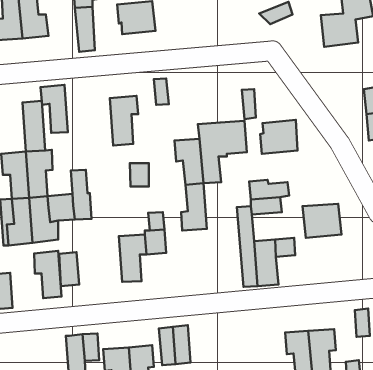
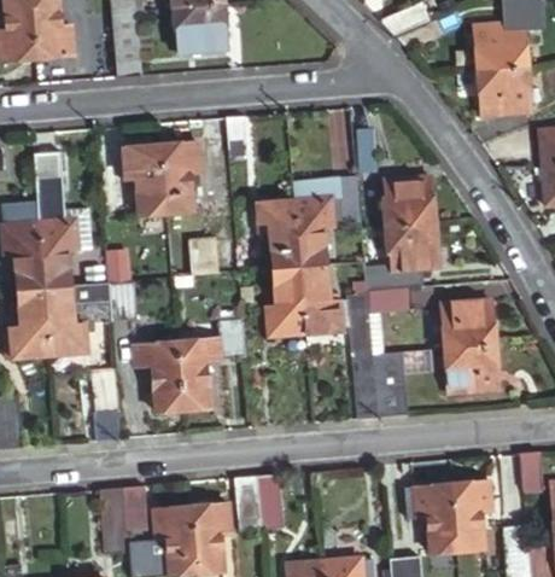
building: none -> [474,64,528,113]
building: [40,85,68,133] -> [128,145,168,215]
building: none -> [384,221,439,269]
building: none -> [299,267,343,334]
building: none -> [448,343,503,390]
building: [34,251,62,298] -> [141,345,181,414]

